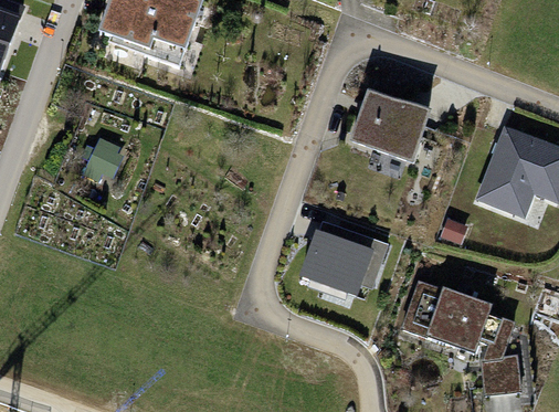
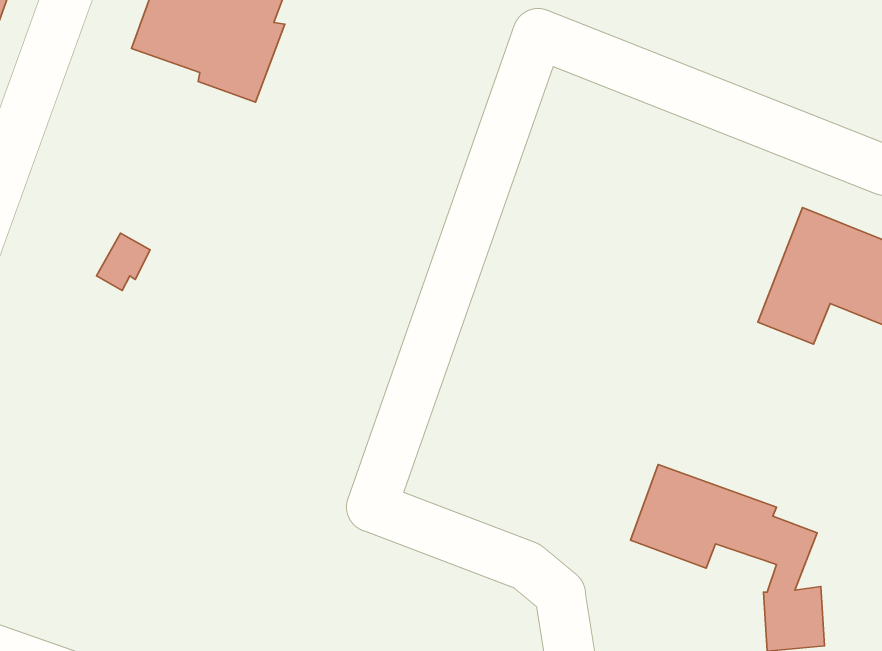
building: [351,94,428,160] -> none
building: [302,234,387,295] -> none

